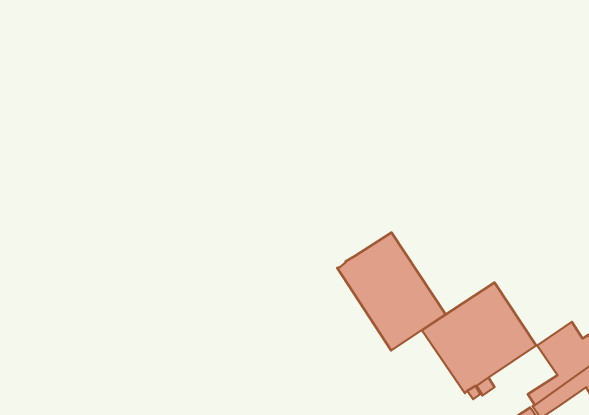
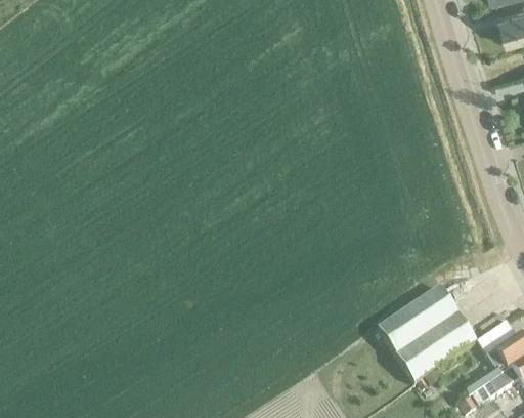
building: [337,233,445,351] -> none

